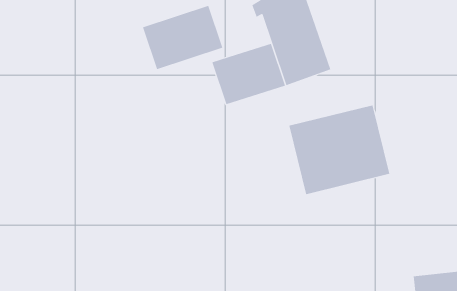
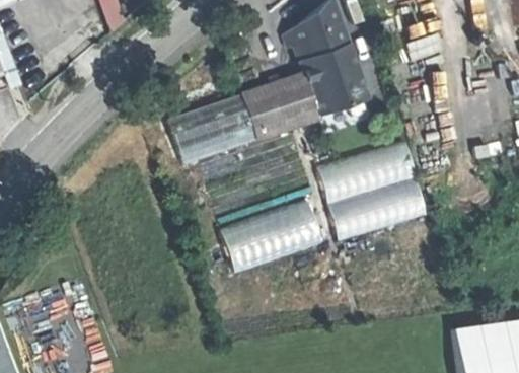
building: [142,5,223,70] -> [168,94,254,163]
building: none -> [223,197,326,271]

